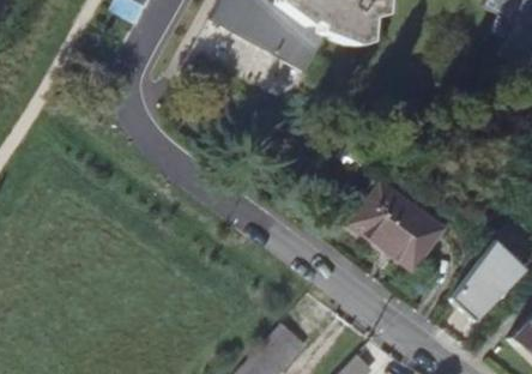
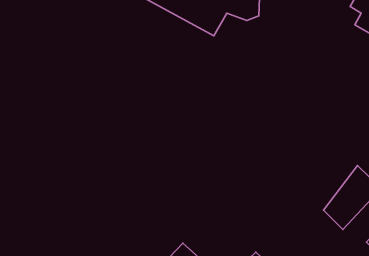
building: [358,182,447,265] -> none

